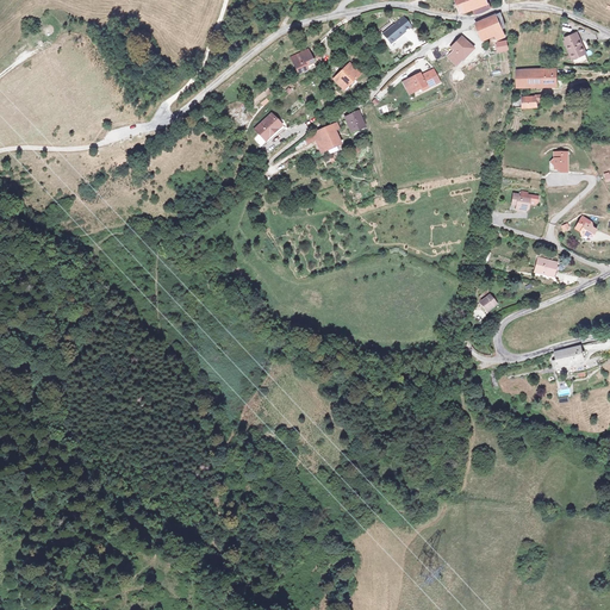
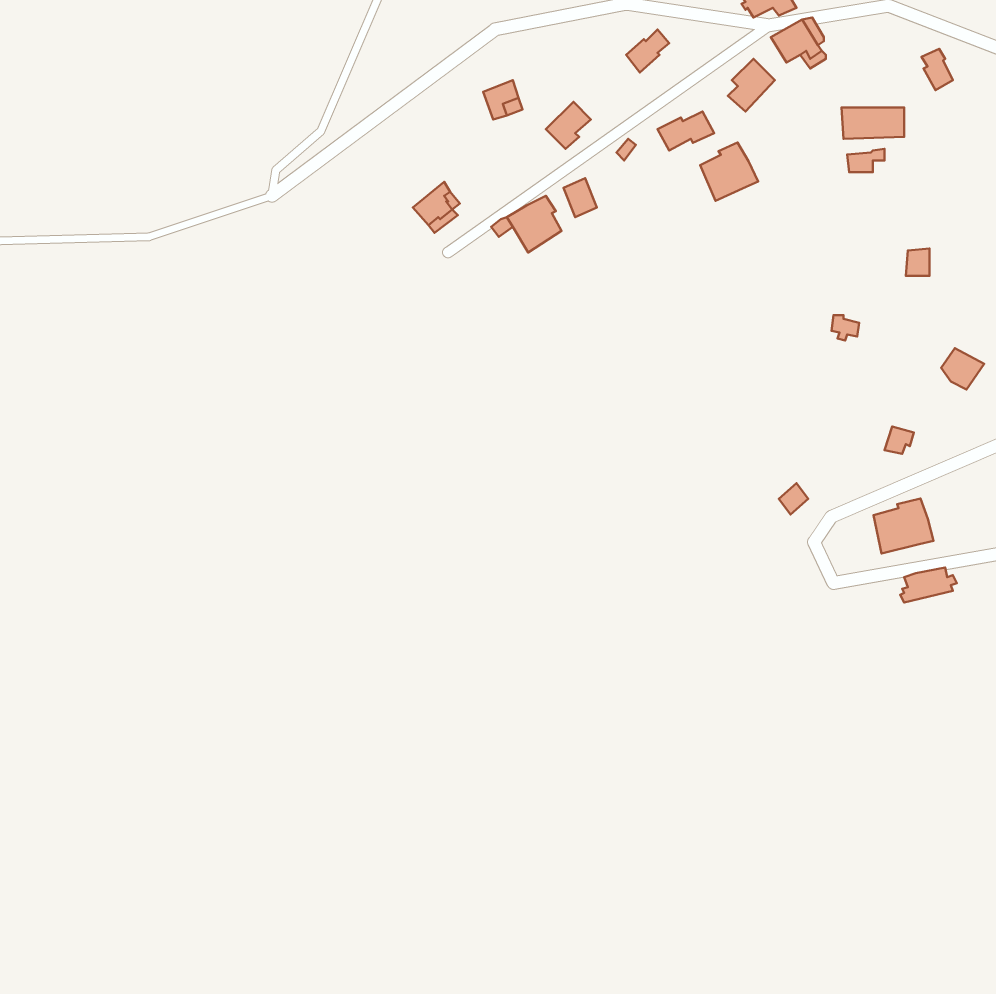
building: none -> [700,143,758,201]
building: none -> [873,499,934,553]

